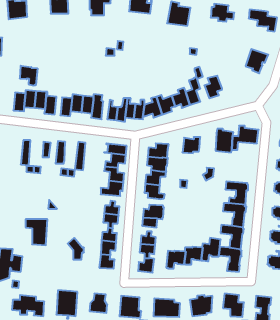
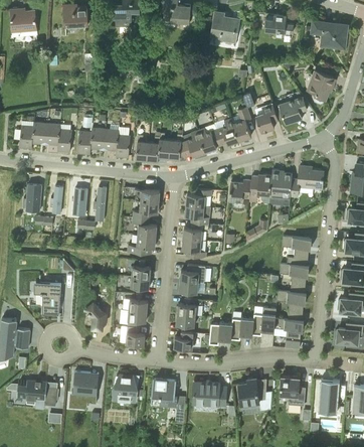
building: [20,66,37,86] -> none
building: none -> [274,97,307,124]
building: none -> [250,174,271,202]

